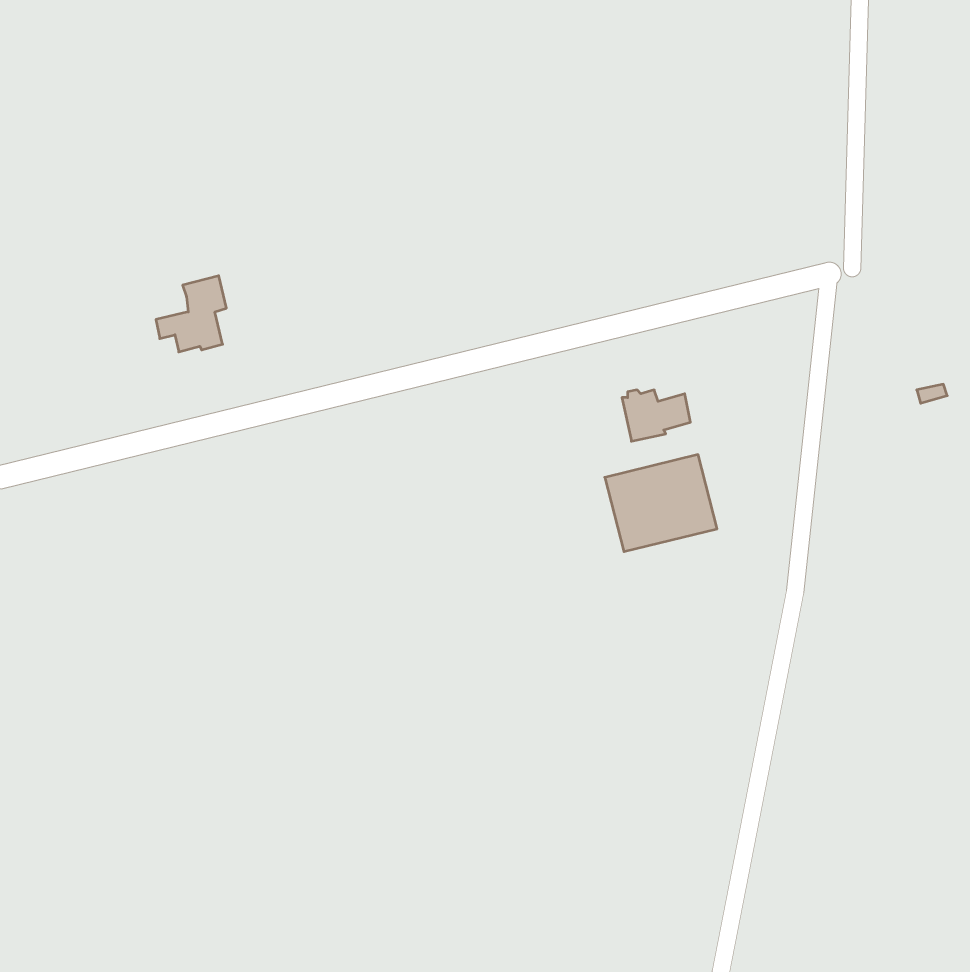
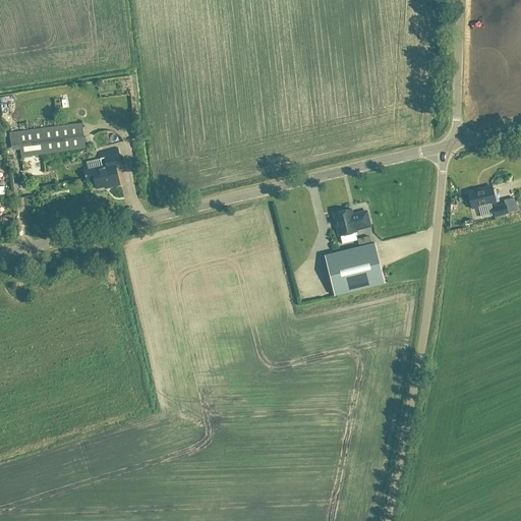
building: none -> [9,123,84,156]
building: none -> [467,186,496,208]

